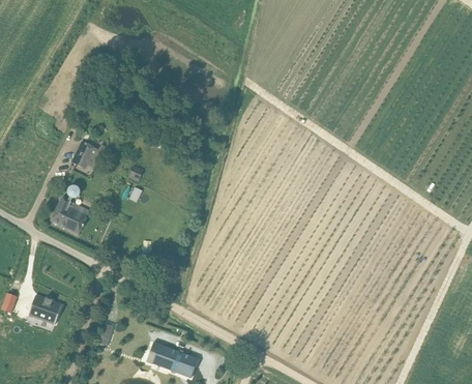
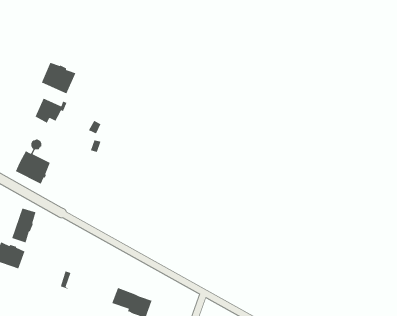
building: none -> [41,62,77,94]
building: none -> [11,207,36,244]

